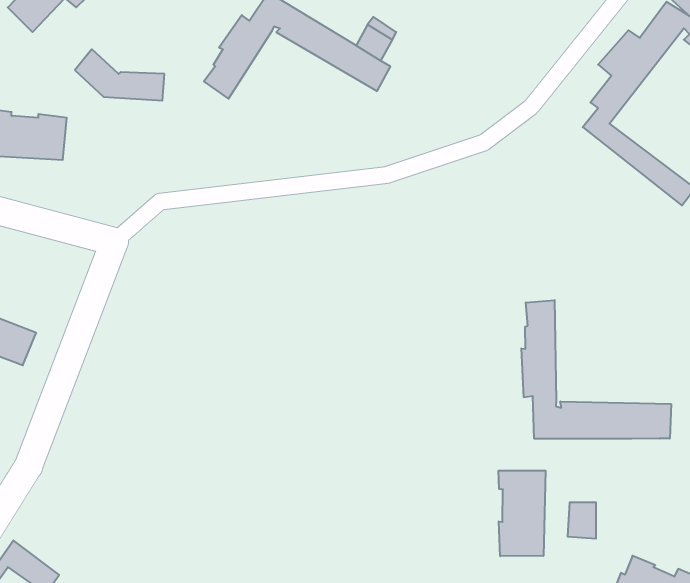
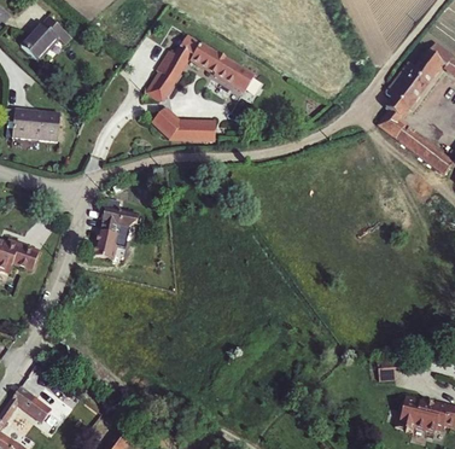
building: [75,49,164,101] -> [151,107,208,140]
building: none -> [97,204,142,257]
building: [521,300,671,439] -> none
building: [498,471,546,556] -> none

